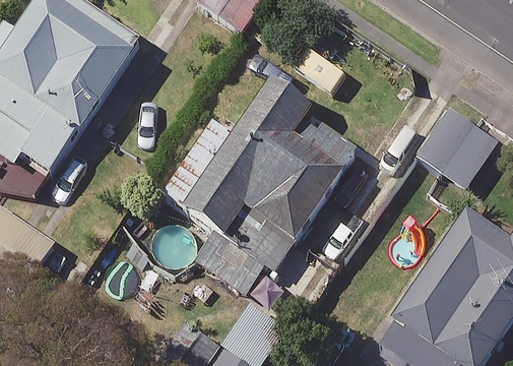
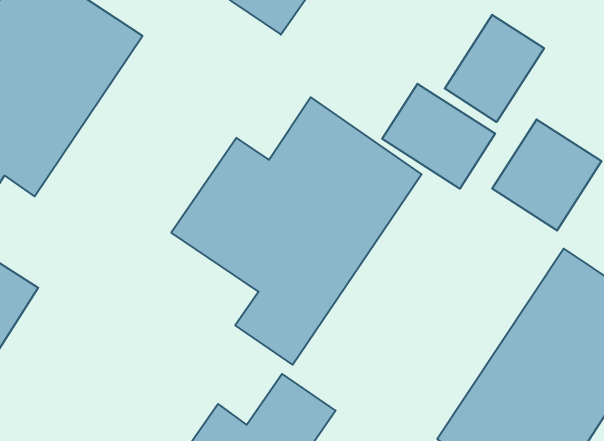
building: none -> [445,15,544,122]
building: none -> [382,84,495,189]

